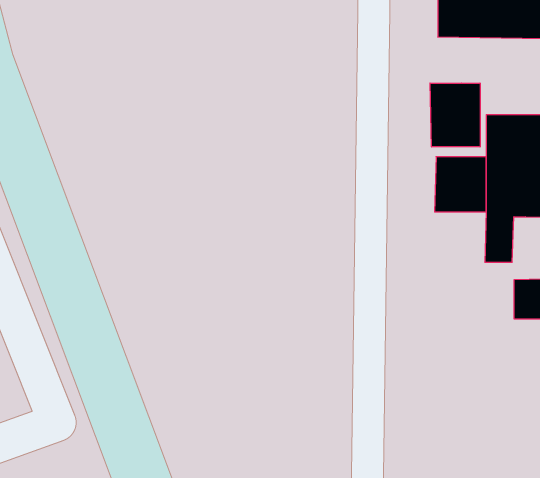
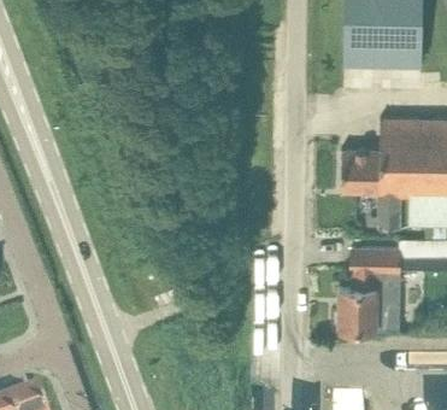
building: [430,83,480,147] -> none
building: none -> [339,252,398,332]

